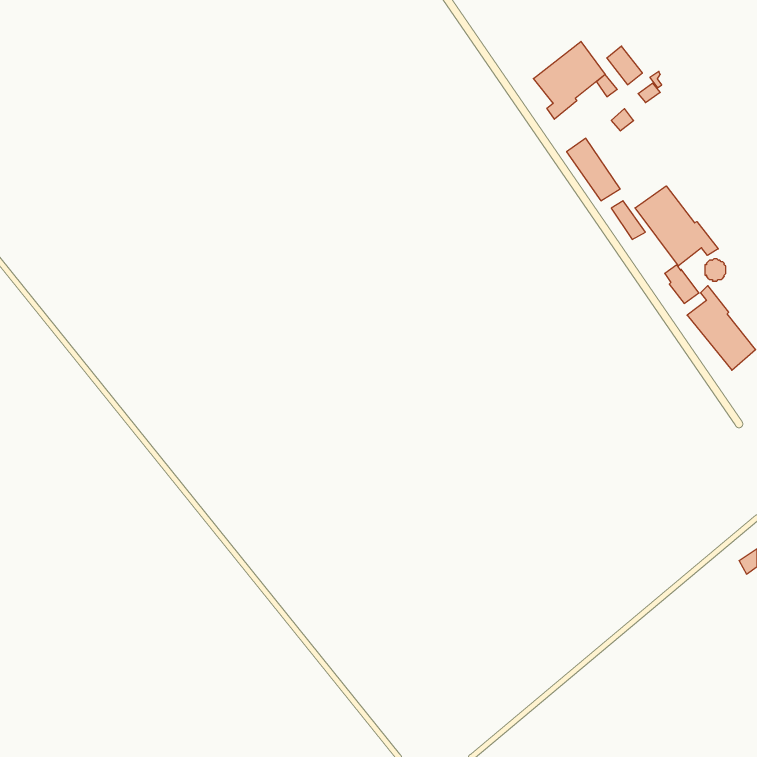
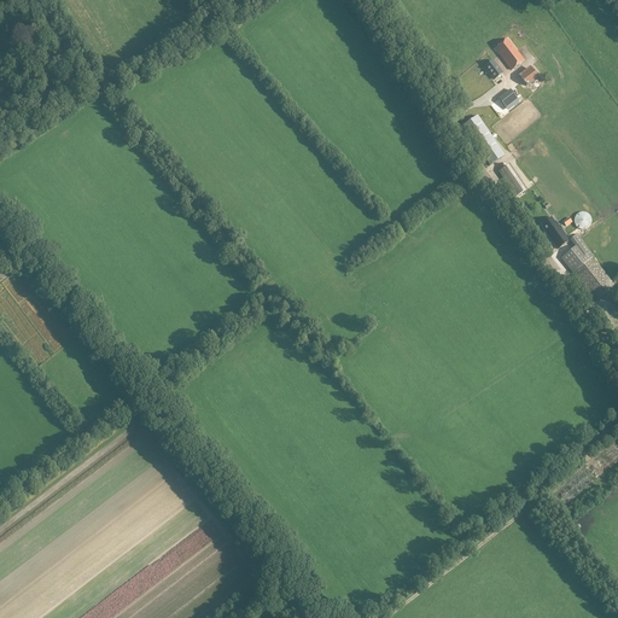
building: [533,41,605,119] -> none
building: [635,186,718,266] -> none

